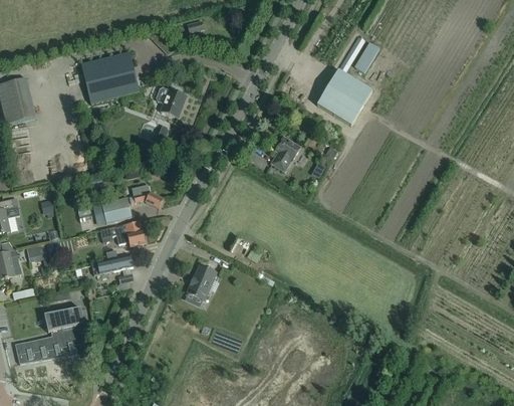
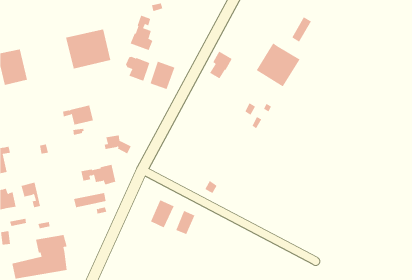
building: none -> [130,15,153,51]
building: none -> [150,61,175,90]
building: [271,136,300,171] -> [209,51,233,79]
building: [92,196,132,221] -> [62,105,94,125]
building: none -> [175,210,195,235]

